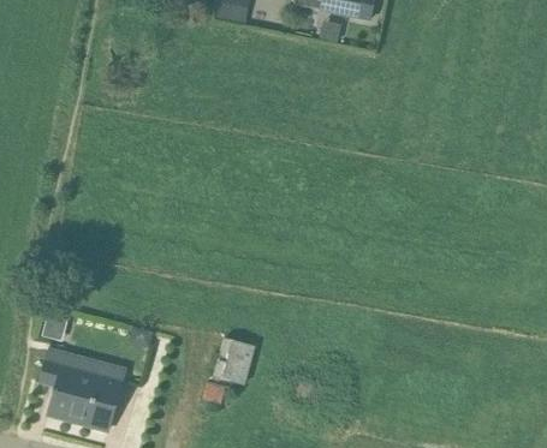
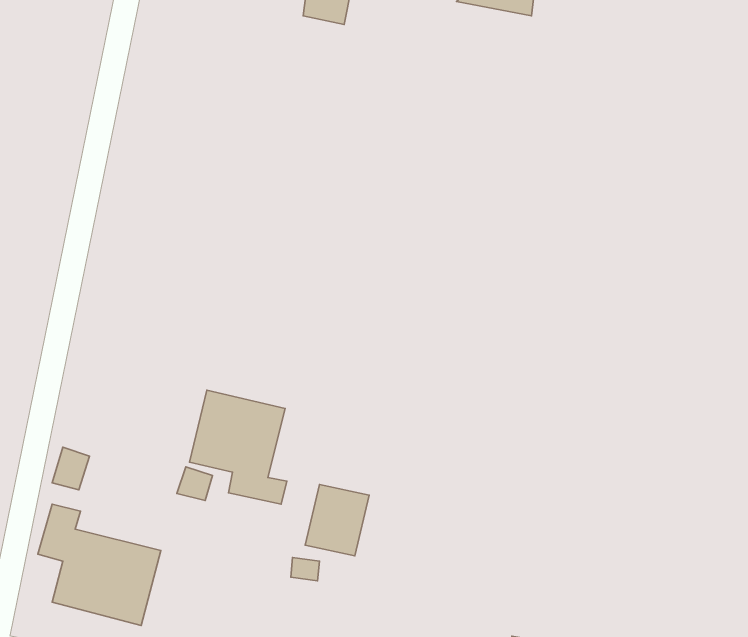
building: none -> [190,390,287,504]

